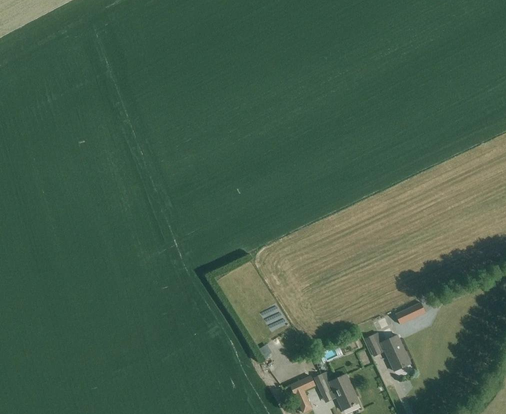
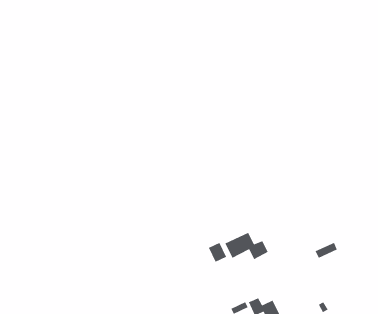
building: none -> [224,232,269,260]
building: [365,335,410,371] -> none

